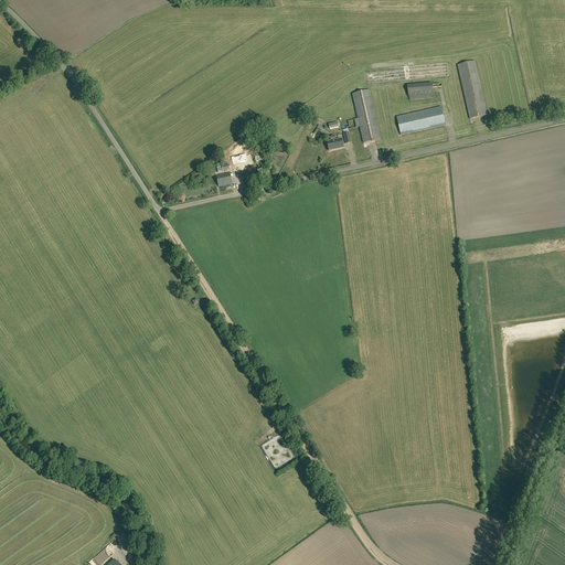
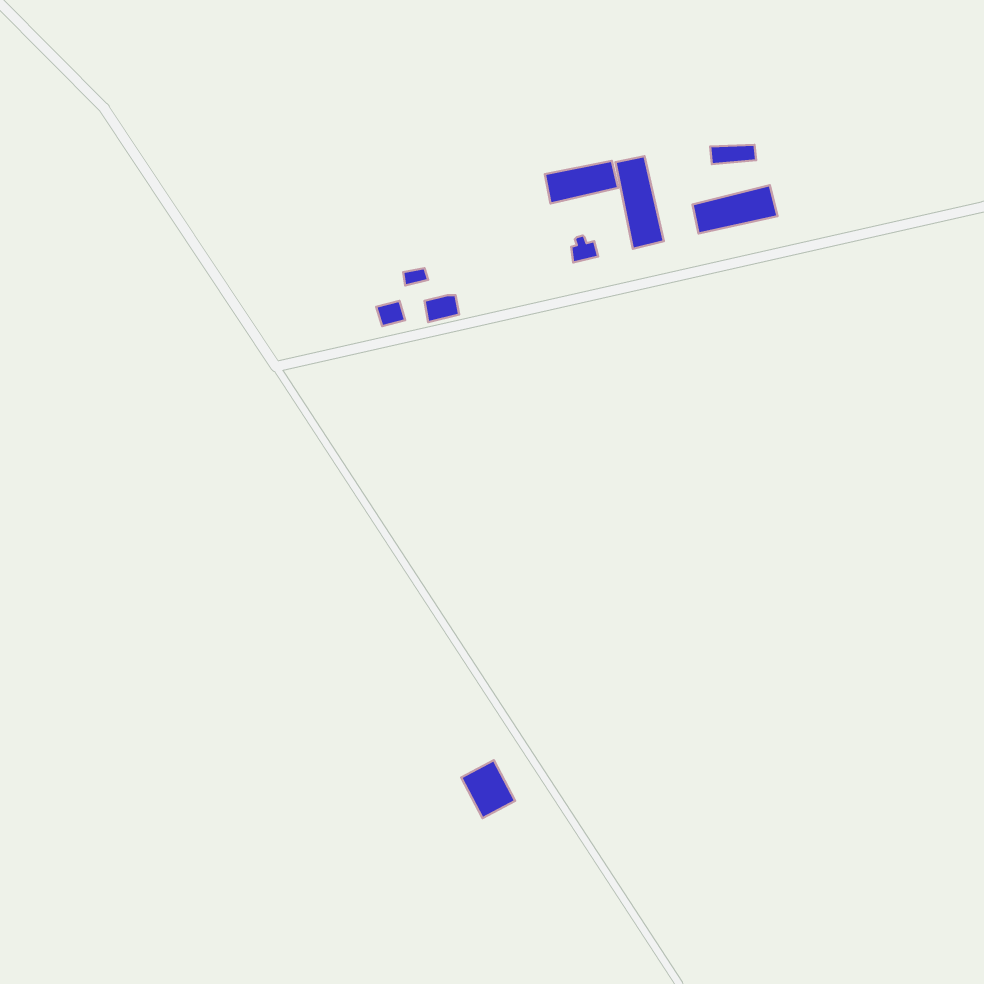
building: [457,61,486,118] -> none
building: none -> [545,161,618,204]

